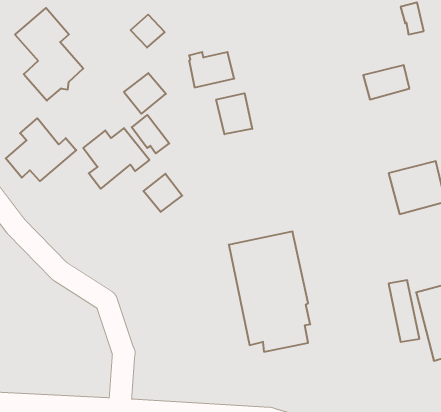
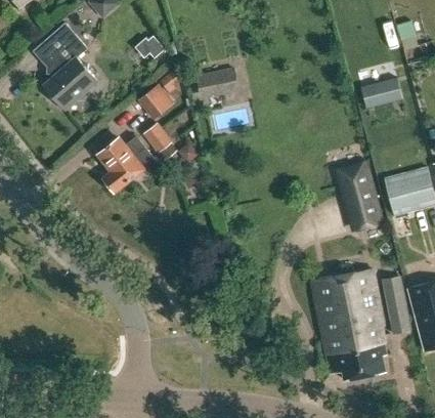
building: [216,93,252,134] -> none
building: [6,118,76,181] -> none
building: none -> [341,163,381,229]
building: [143,174,182,212] -> none
building: [229,232,310,352] -> [311,268,387,380]

